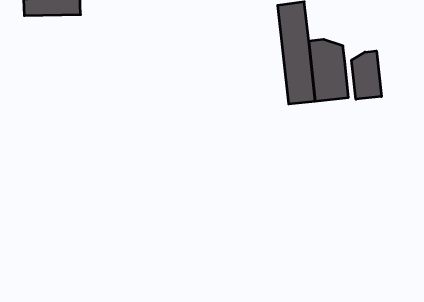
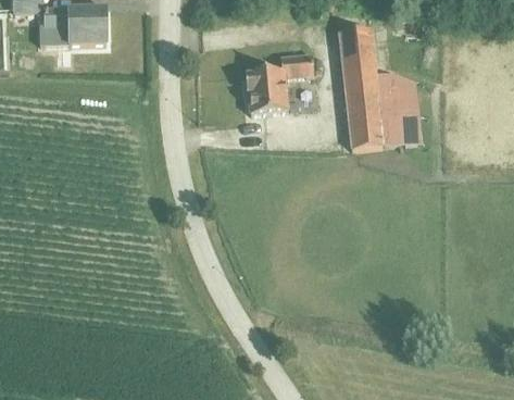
building: none -> [243,50,313,110]
building: [352,51,381,99] -> none

